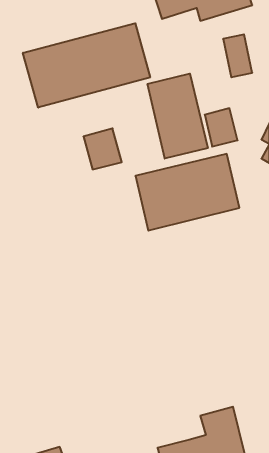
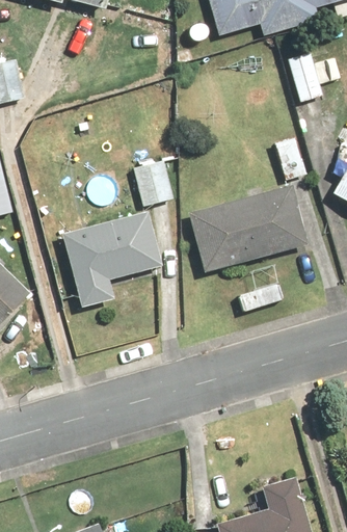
building: [23,23,150,108] -> none
building: [148,74,208,159] -> none
building: none -> [62,213,161,305]

